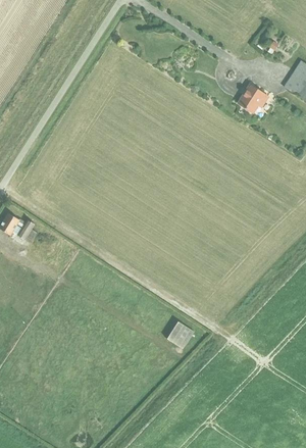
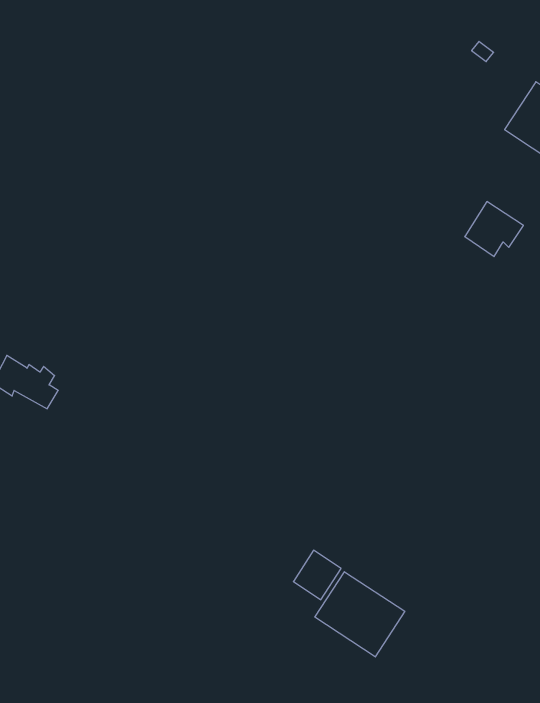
building: [237,79,269,109] -> [465,202,523,257]
building: none -> [315,572,405,657]

